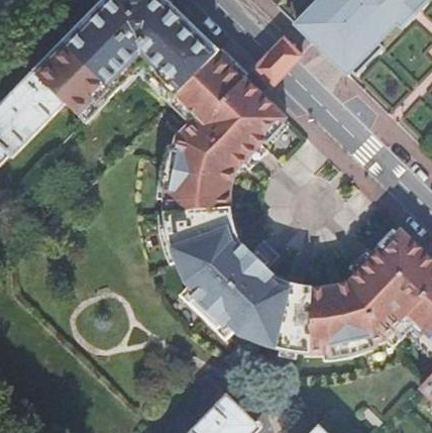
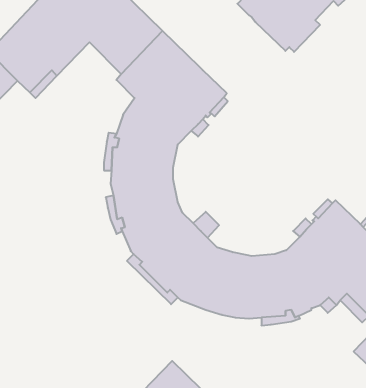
building: [252,30,311,90] -> none

